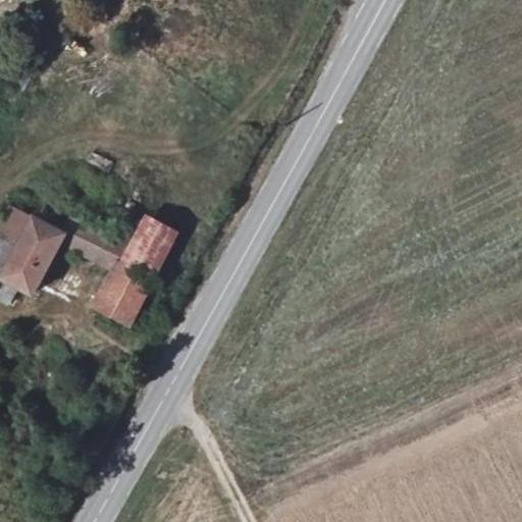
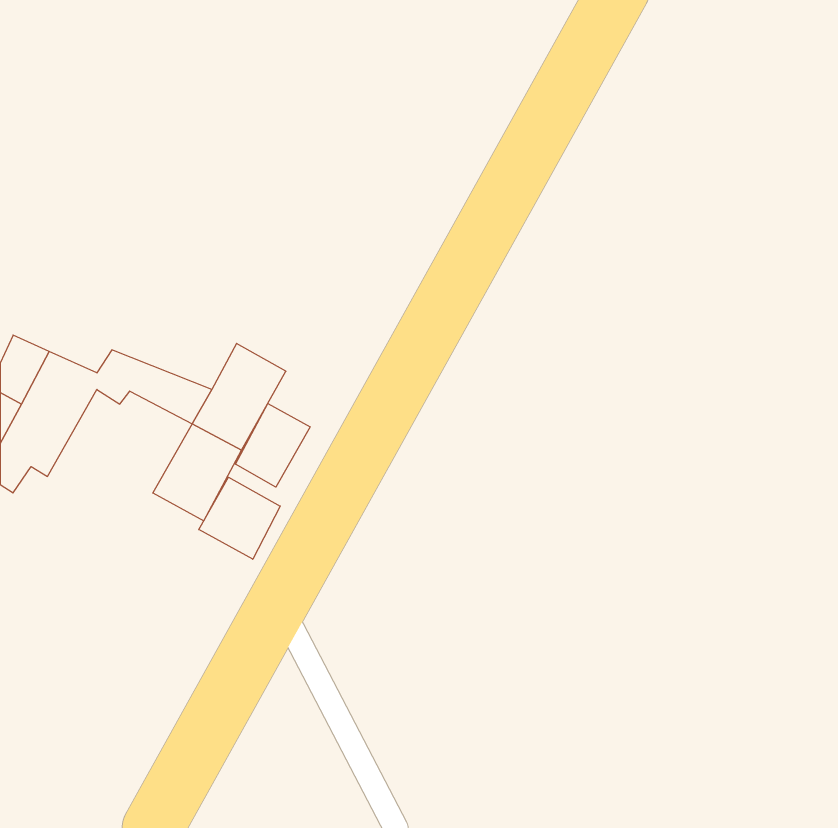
building: none -> [236,403,310,487]
building: none -> [199,477,280,559]

